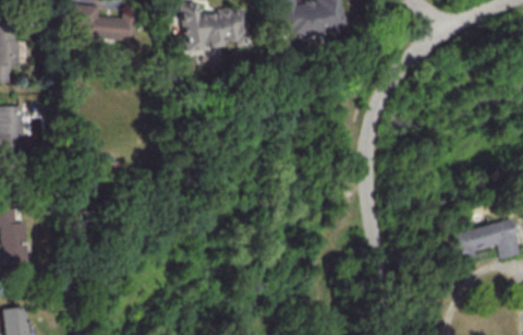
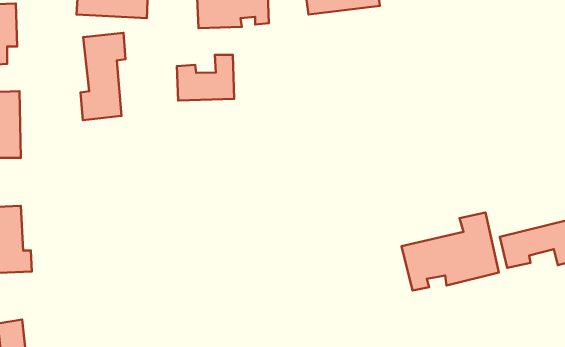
building: none -> [80,33,126,120]
building: none -> [177,55,234,101]
building: none -> [402,213,499,290]

